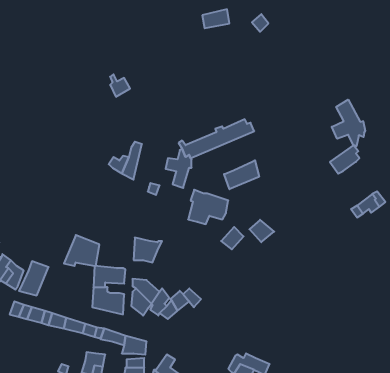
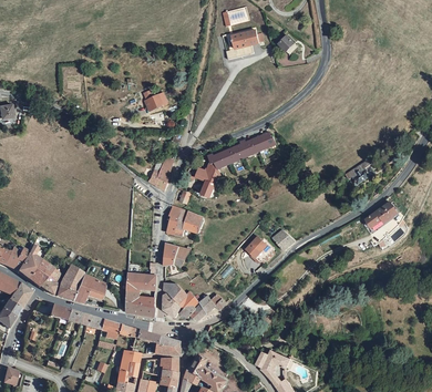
building: [332,100,365,146] -> none
building: [224,160,259,189] -> none
building: [188,190,228,224] -> [166,205,204,237]
building: [64,235,99,266] -> [74,271,107,300]

